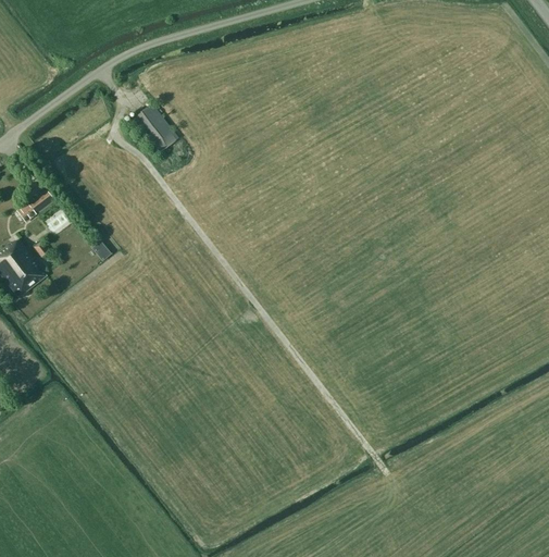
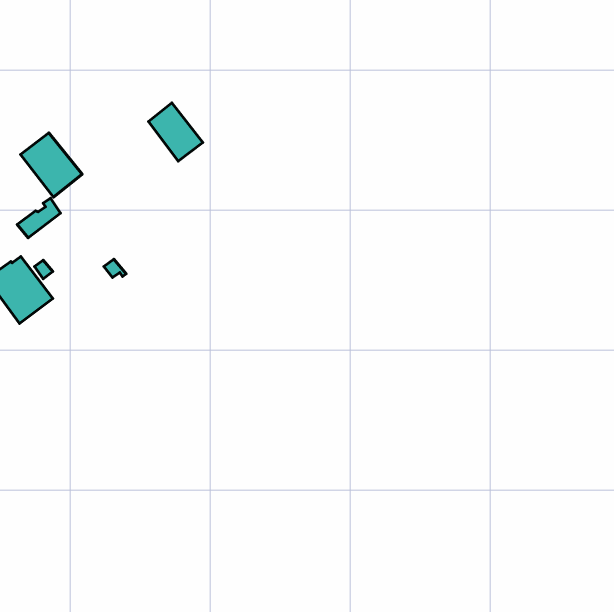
building: none -> [21,133,82,197]

